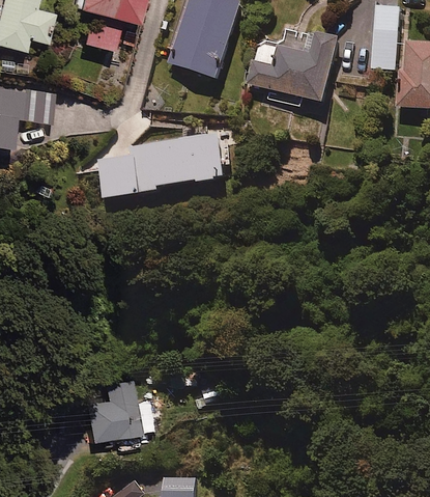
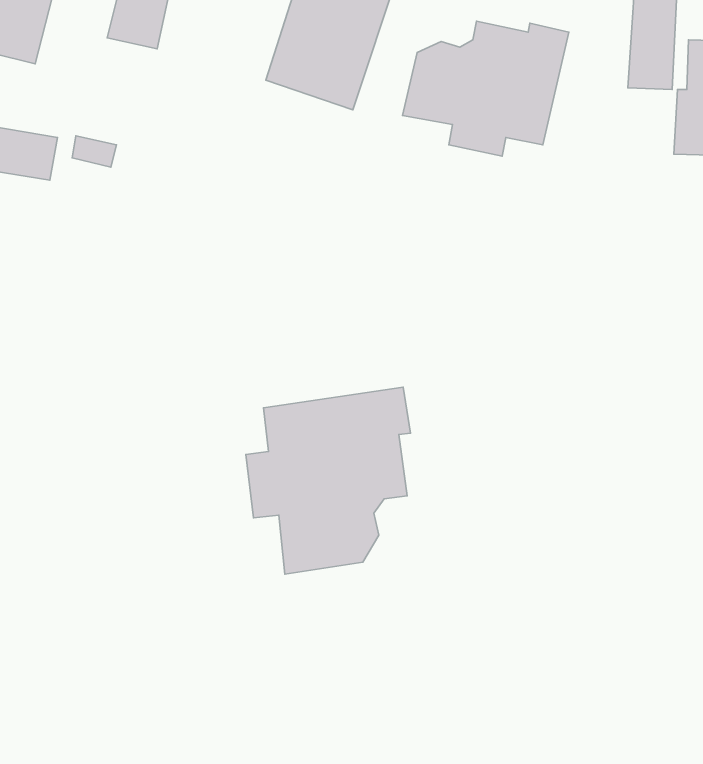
building: [101,135,225,195] -> none
building: none -> [246,387,410,574]
building: [83,382,139,441] -> none

